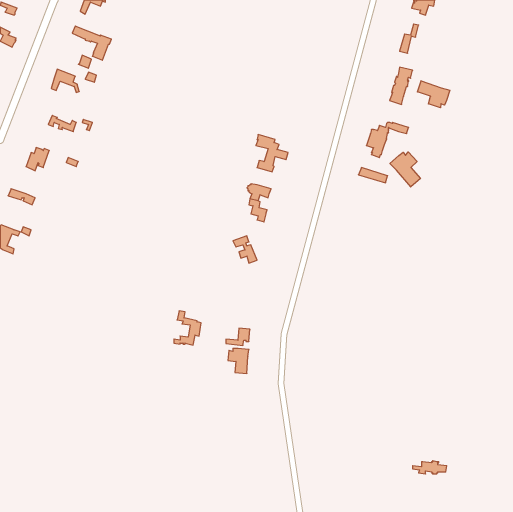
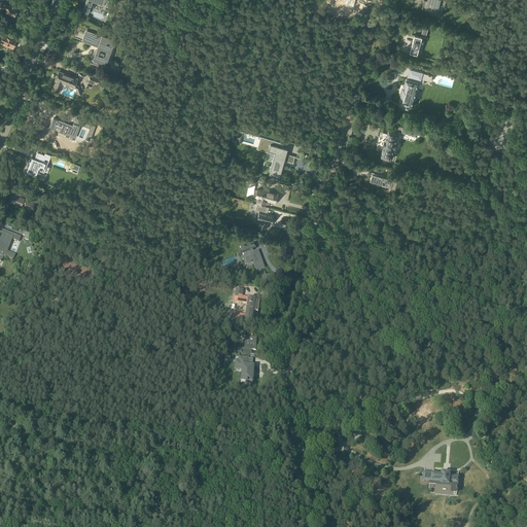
building: [417,81,450,108] -> none
building: [390,152,420,187] -> none
building: [174,311,201,345] -> [232,290,259,325]

